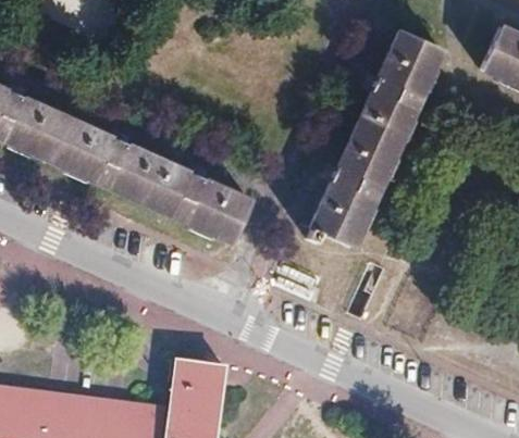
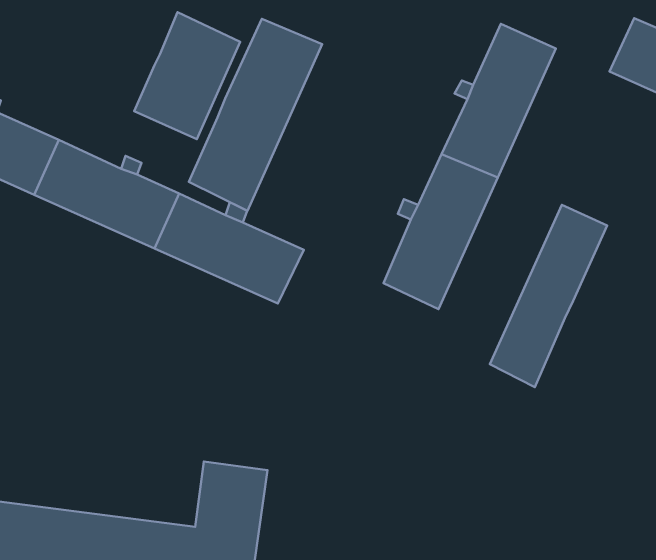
building: none -> [134,12,240,139]
building: none -> [189,19,322,211]
building: none -> [490,205,607,387]

